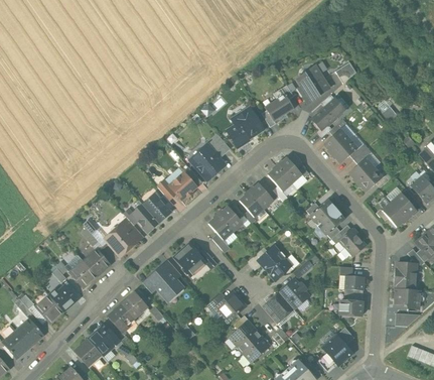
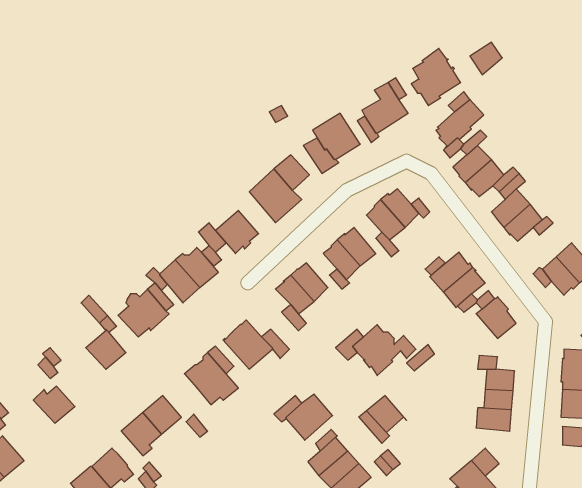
building: [70,261,98,287] -> none
building: [280,278,309,308] -> none
building: [36,295,64,323] -> none

